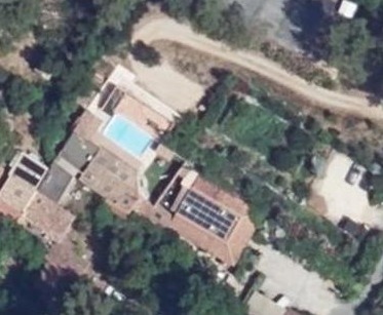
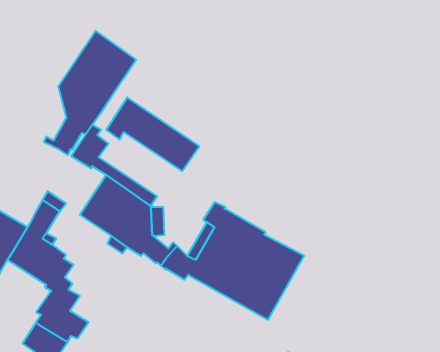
building: none -> [44,31,136,155]

